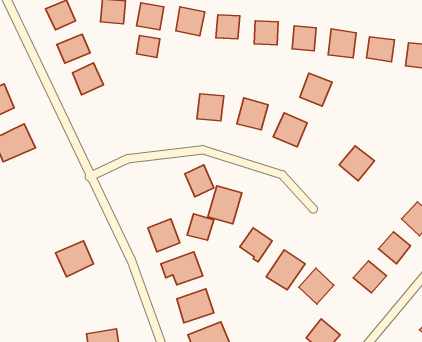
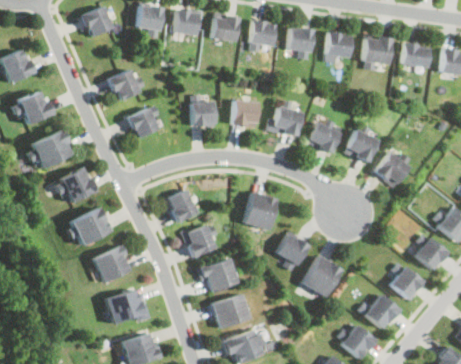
building: [57,34,90,63] -> none
building: [136,35,160,57] -> none
building: [300,73,332,106] -> [347,130,379,163]
building: none -> [192,101,215,126]
building: none -> [128,108,159,138]
building: none -> [59,168,94,202]
building: [185,165,214,197] -> [168,190,197,222]
building: none -> [69,208,110,246]
building: [187,214,214,240] -> none
building: [299,268,334,304] -> [364,294,399,330]
building: none -> [105,289,148,326]

